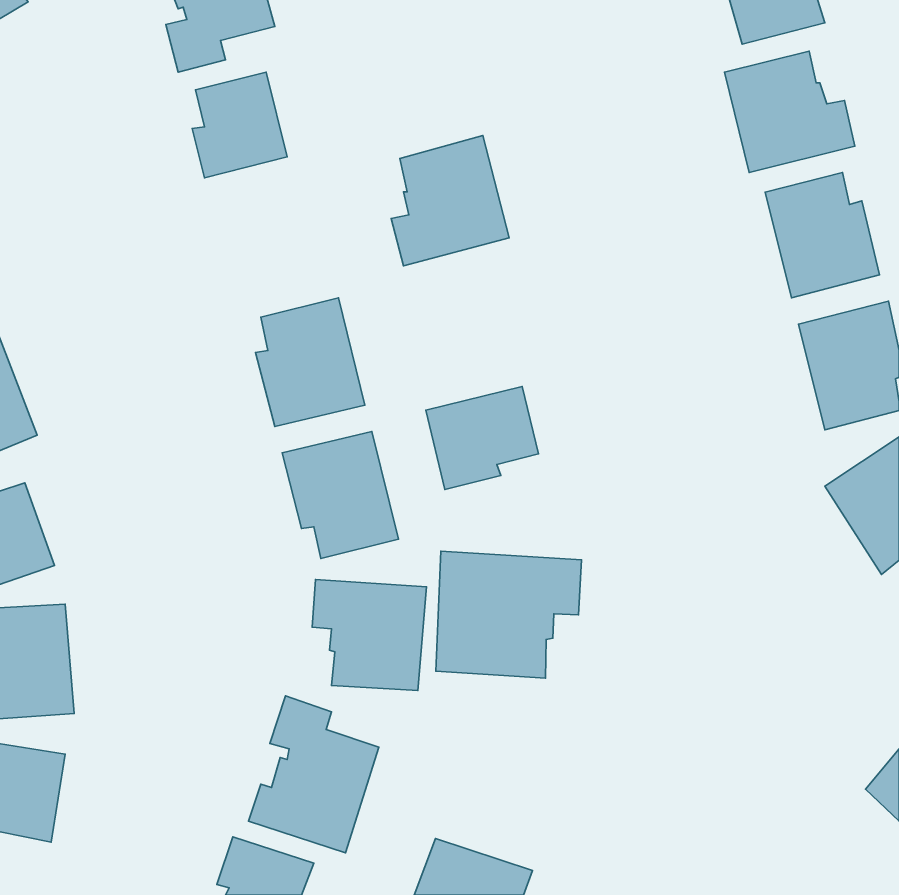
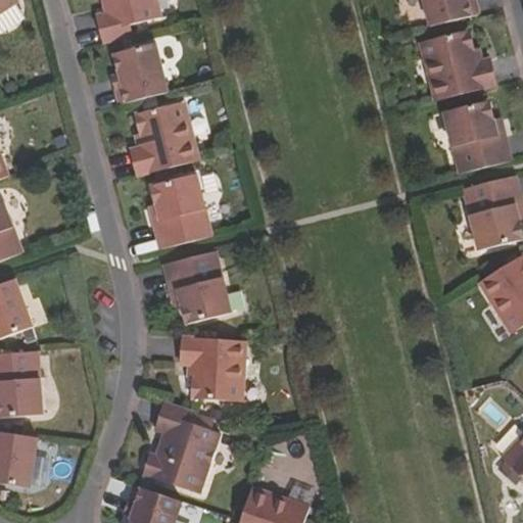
building: [391,136,509,266] -> [130,100,198,176]
building: [426,387,539,489] -> none
building: [436,551,581,678] -> none

